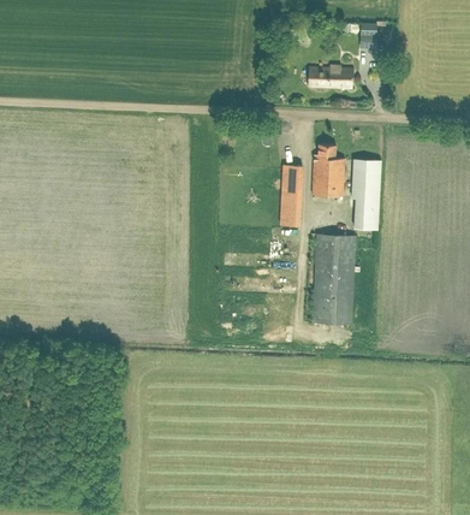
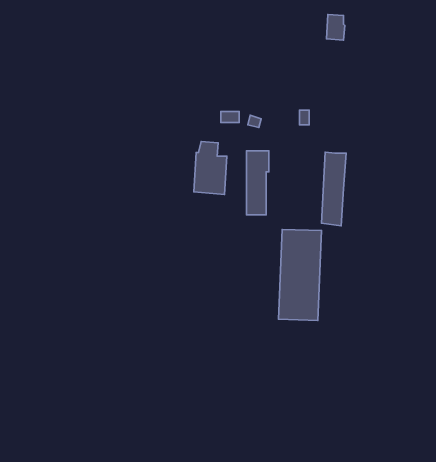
building: [308,67,352,89] -> none
building: [311,144,344,196] -> [194,142,227,194]

